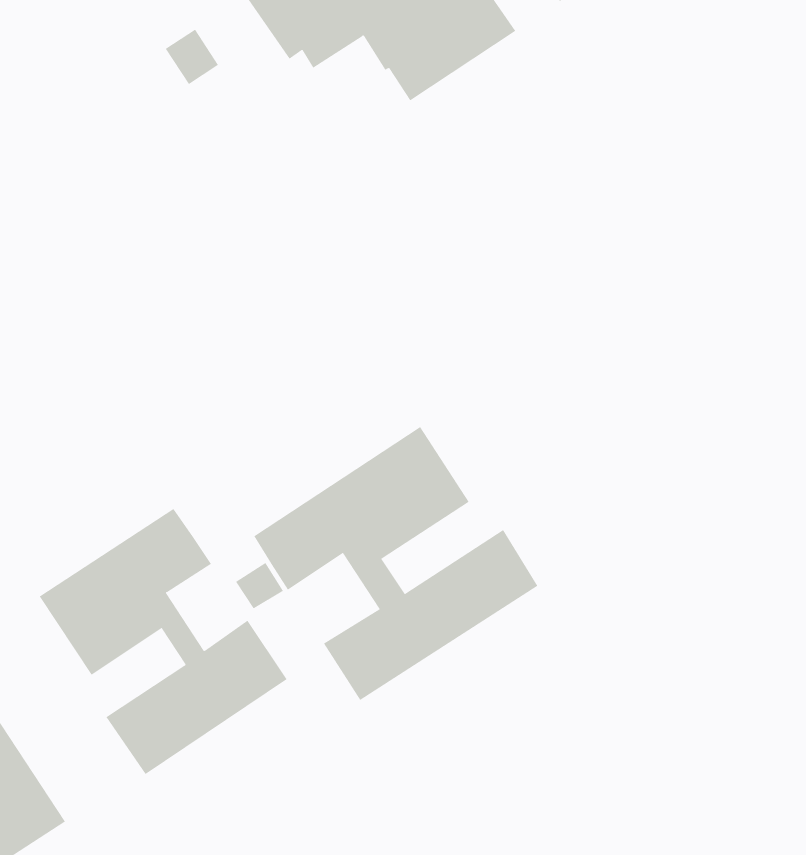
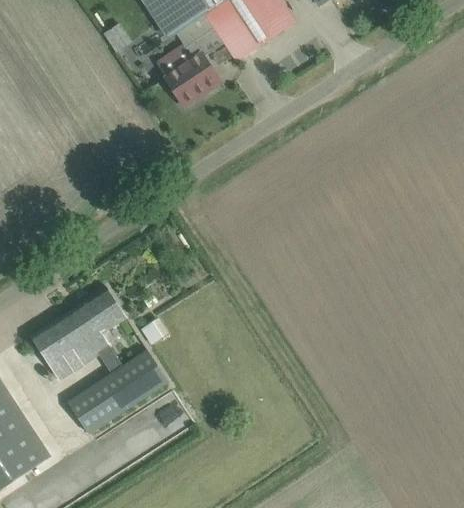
building: none -> [156,25,223,103]
building: [254,426,538,701] -> none

